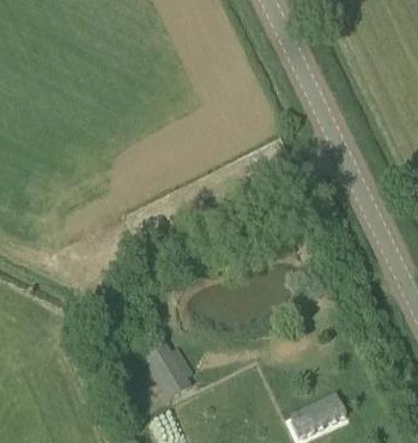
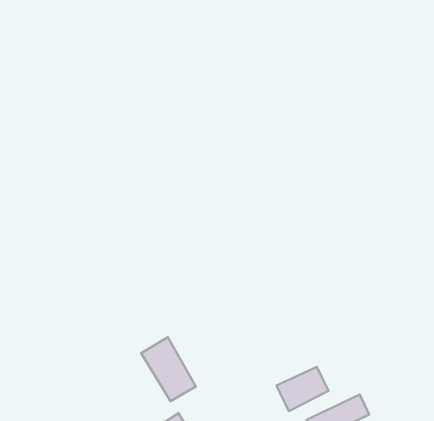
building: none -> [277,367,329,411]

